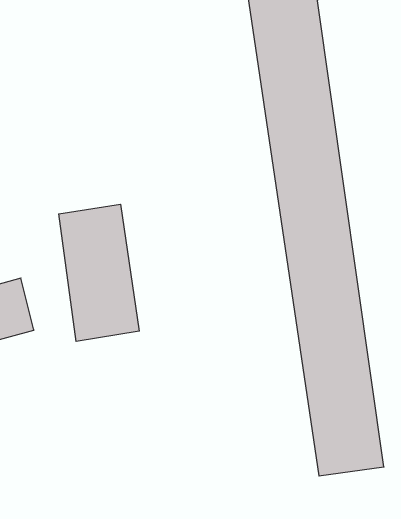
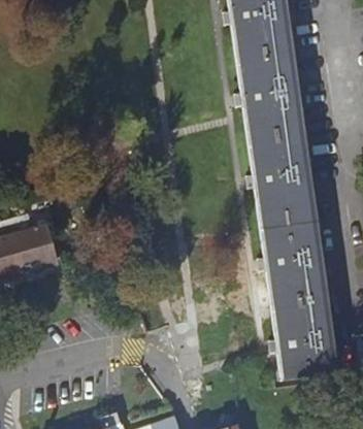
building: [59,204,139,341] -> none

